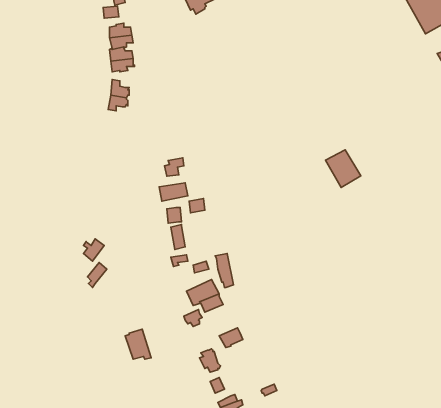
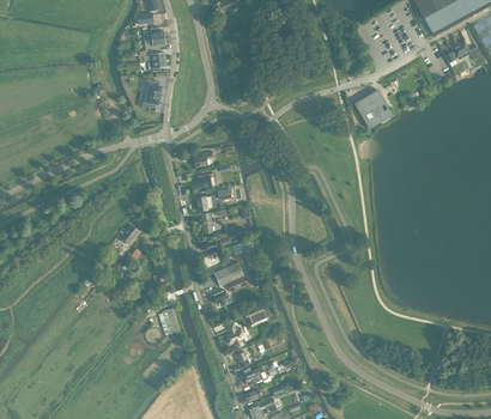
building: [326,150,361,188] -> [358,91,390,126]

